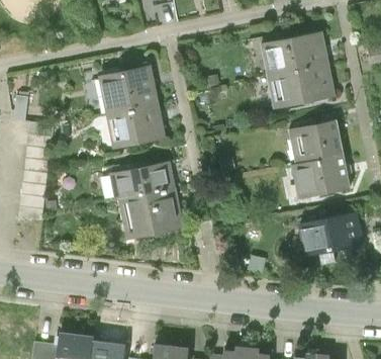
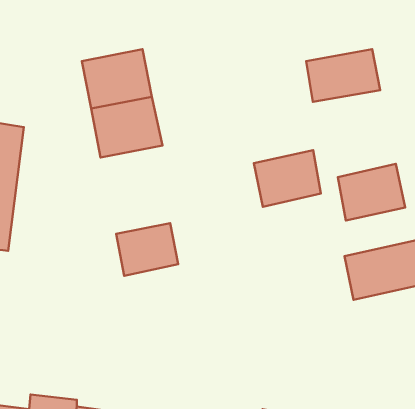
building: [265,35,321,75] -> none
building: [288,120,340,164] -> [254,150,321,207]
building: [118,168,167,207] -> none

